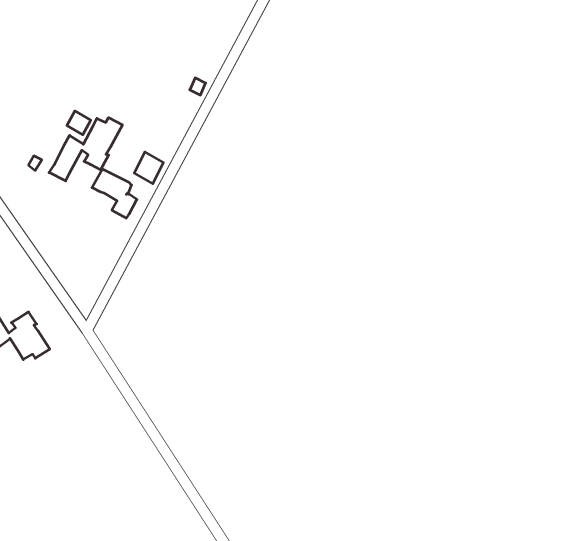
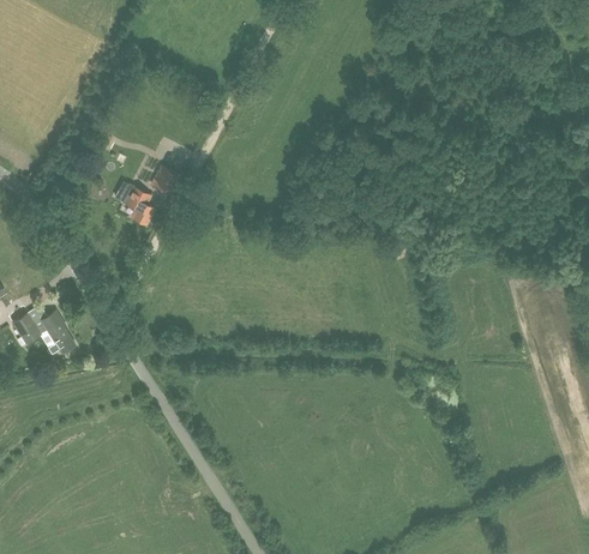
building: [49,118,122,181] -> none

